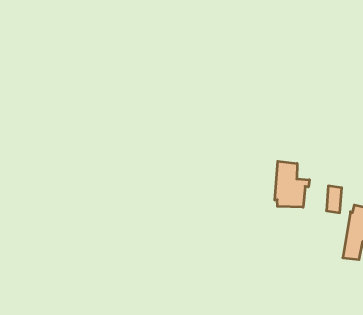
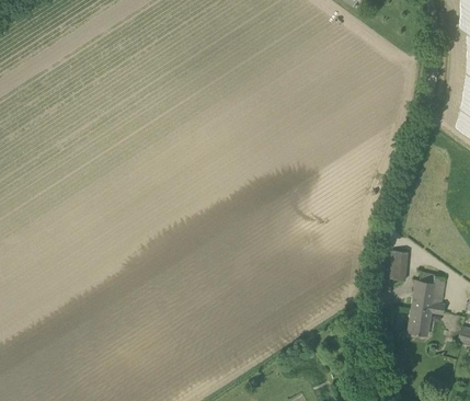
building: [275,161,309,207] -> none

